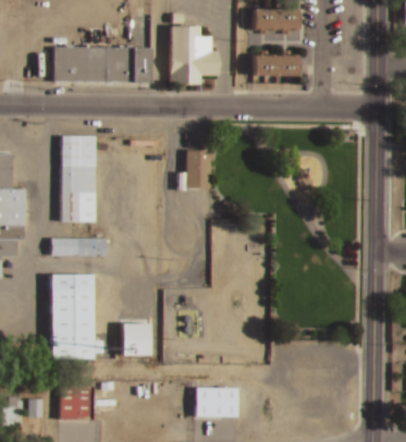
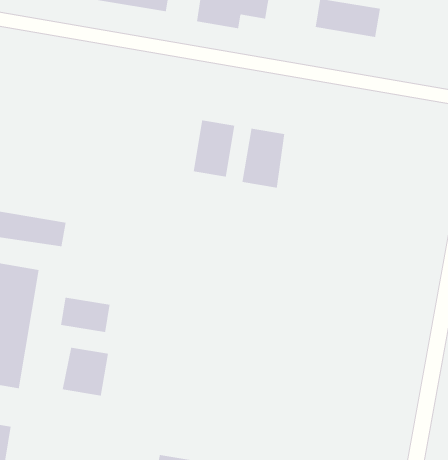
building: [61,137,95,222] -> none
building: none -> [242,128,285,188]
building: none -> [60,297,110,333]

